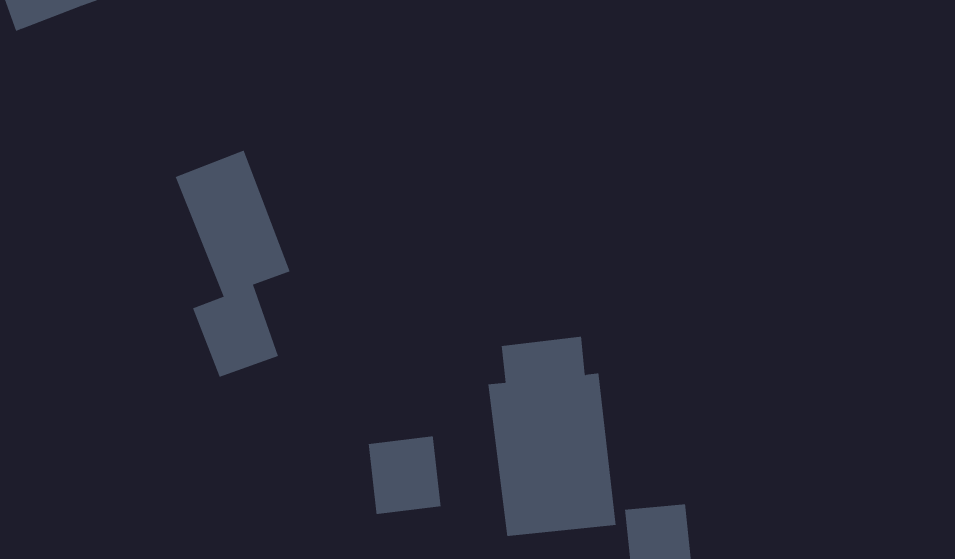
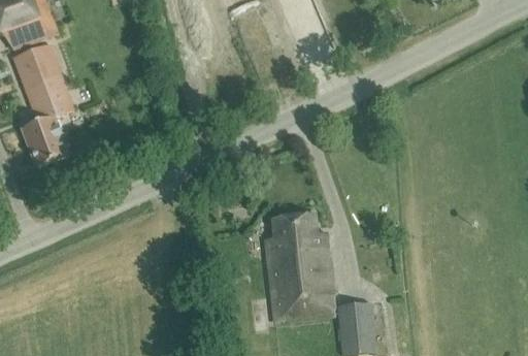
building: [175,150,290,377] -> [11,43,73,165]
building: [368,435,441,515] -> none

